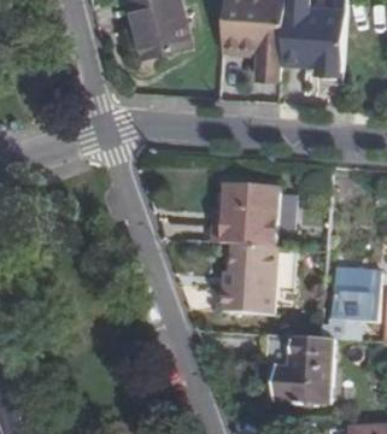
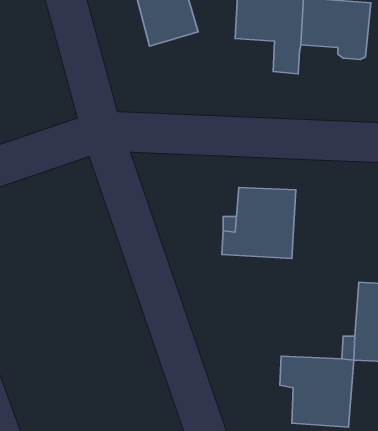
building: [222,245,281,315] -> none

